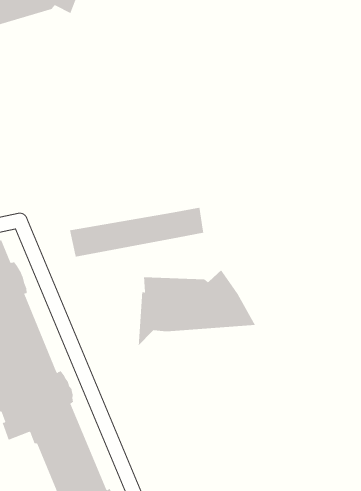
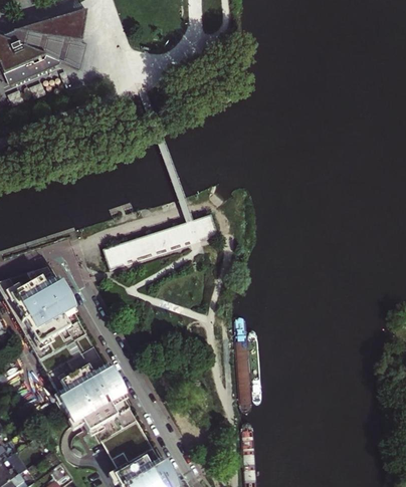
building: [138,270,256,346] -> none

